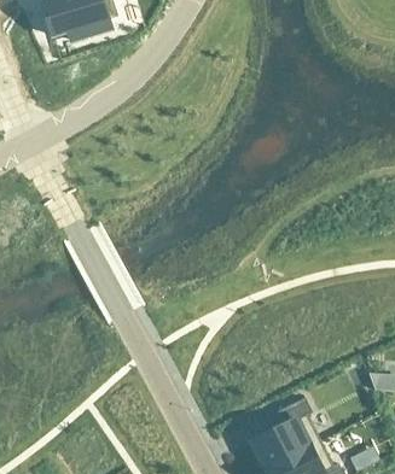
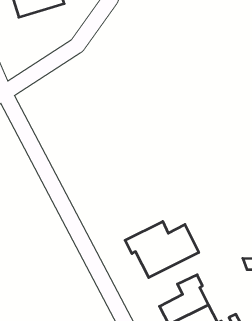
building: none -> [125,221,199,278]

